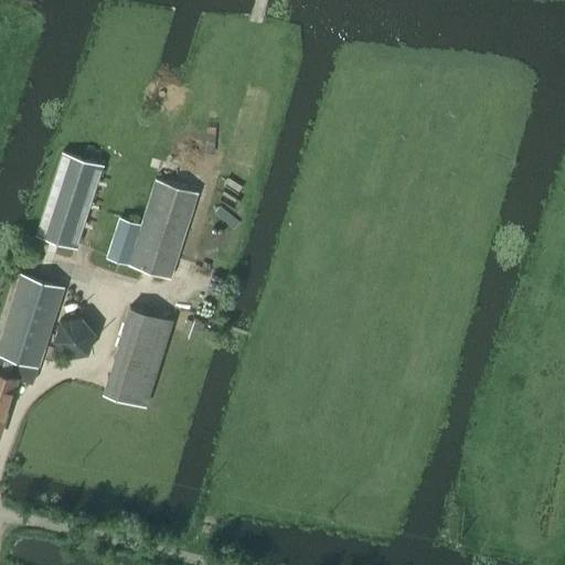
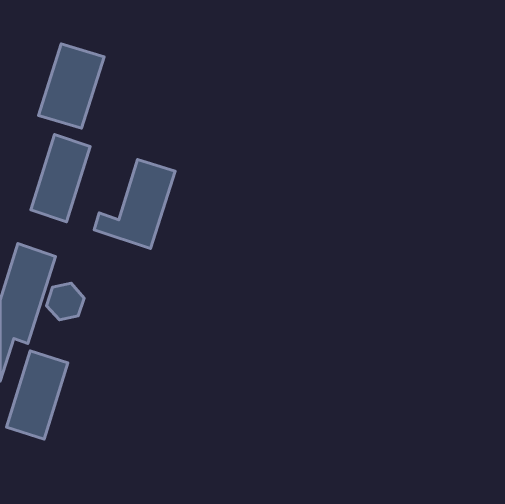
building: none -> [39,44,104,128]
building: [104,309,172,407] -> [6,351,68,439]

